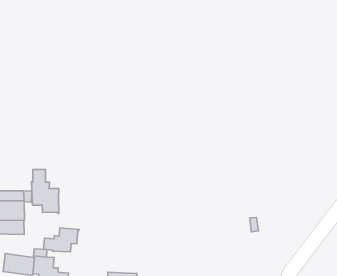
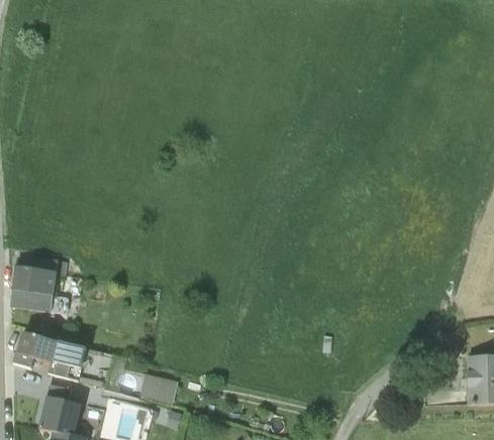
building: [31,169,59,214] -> none
building: [43,228,79,252] -> none

